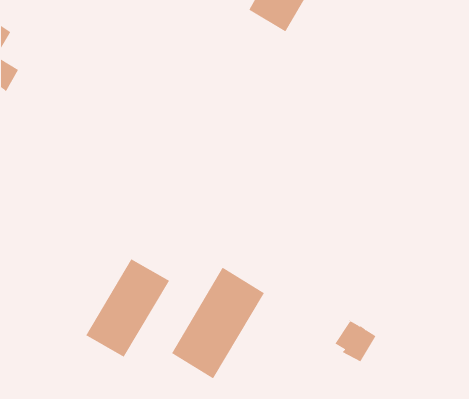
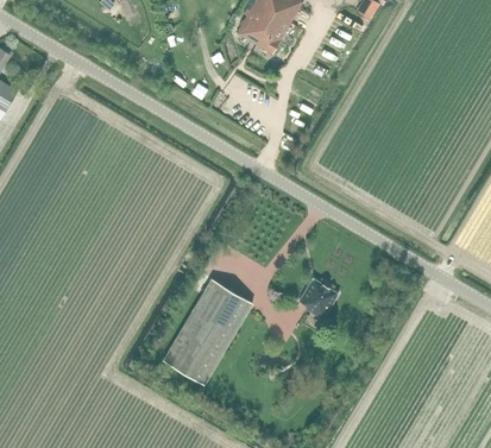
building: [86,259,170,358] -> none
building: [334,320,377,362] -> [298,278,339,318]

